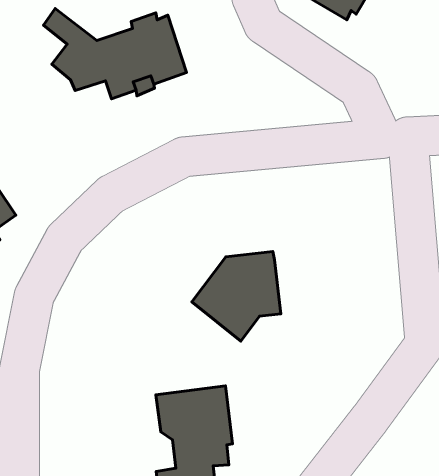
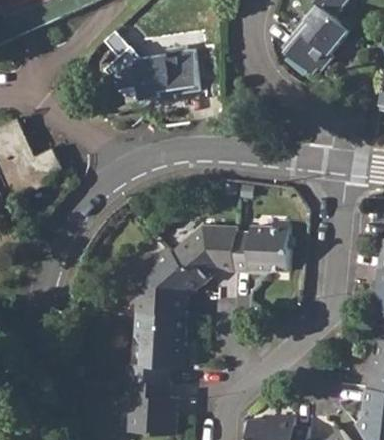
building: none -> [233,225,288,270]
building: none -> [134,245,202,312]

